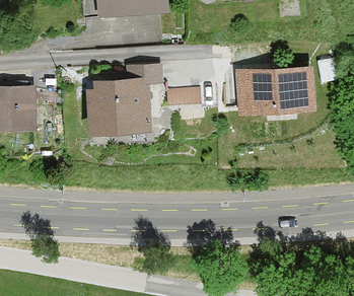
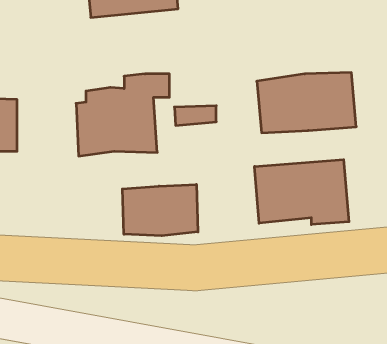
building: none -> [255,160,349,225]
building: none -> [122,184,198,236]

